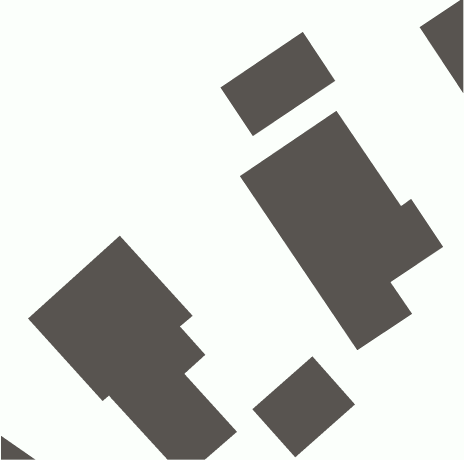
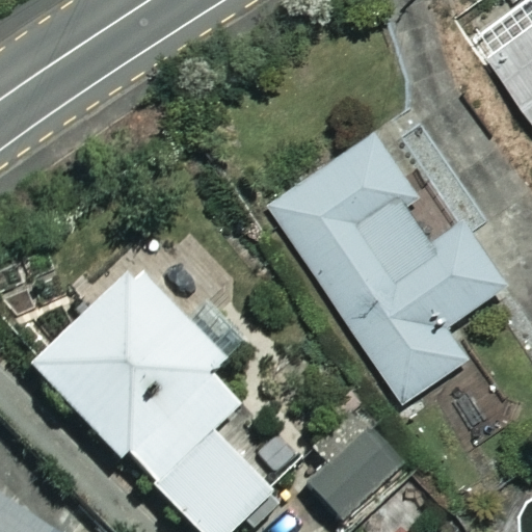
building: [220,31,336,137] -> none

